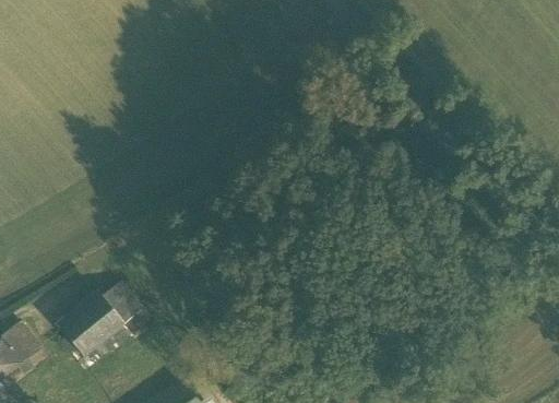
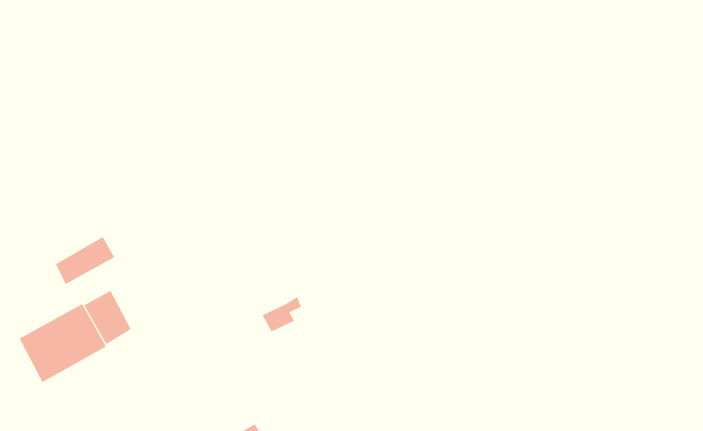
building: none -> [55,236,115,285]

